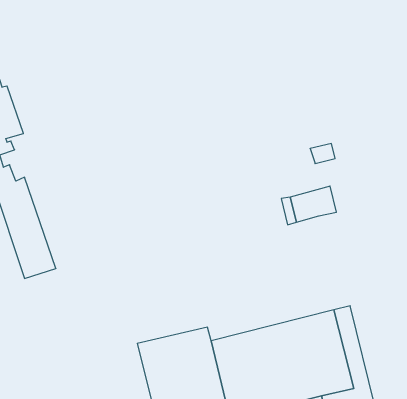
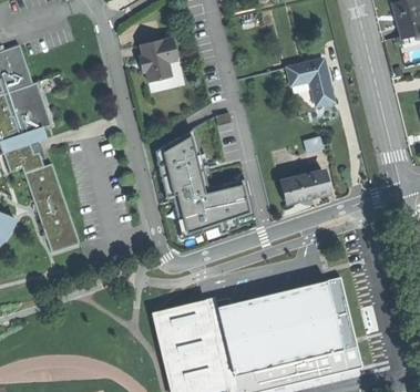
building: none -> [142,38,186,92]
building: none -> [287,59,334,106]
building: none -> [156,133,258,238]

